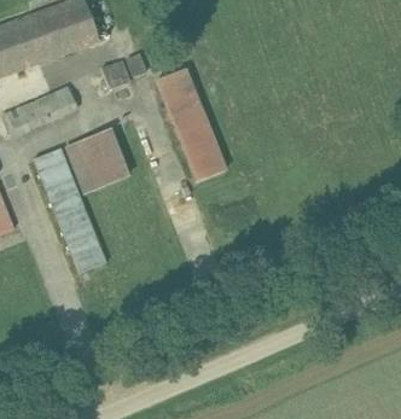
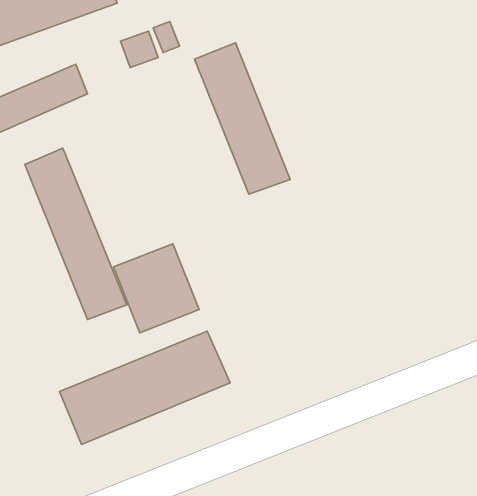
building: [66,128,129,193] -> [113,244,199,333]
building: none -> [60,331,230,445]

